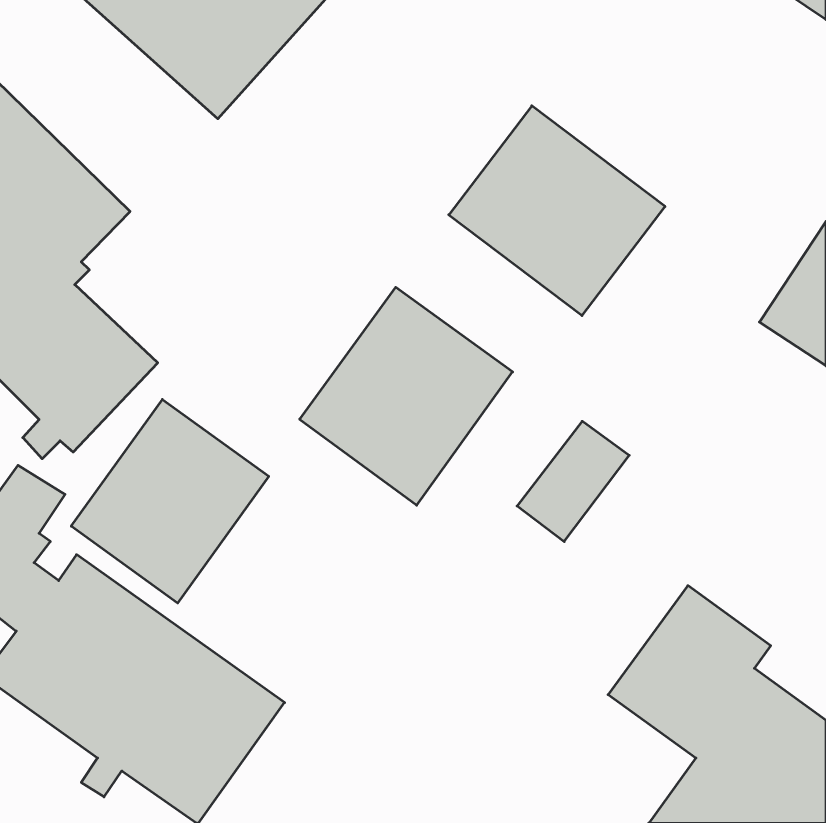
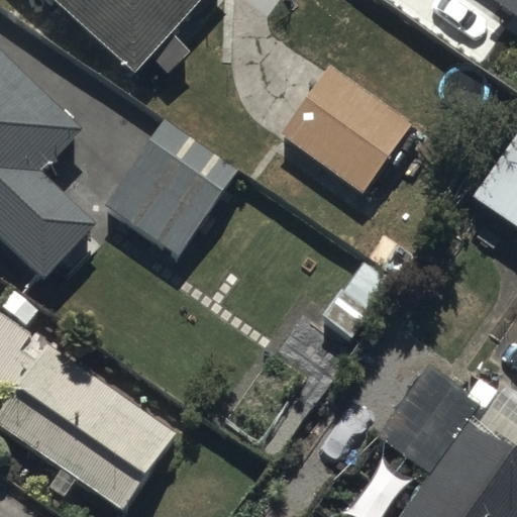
building: [300,287,513,505] -> [105,120,237,255]
building: [71,399,269,603] -> none

